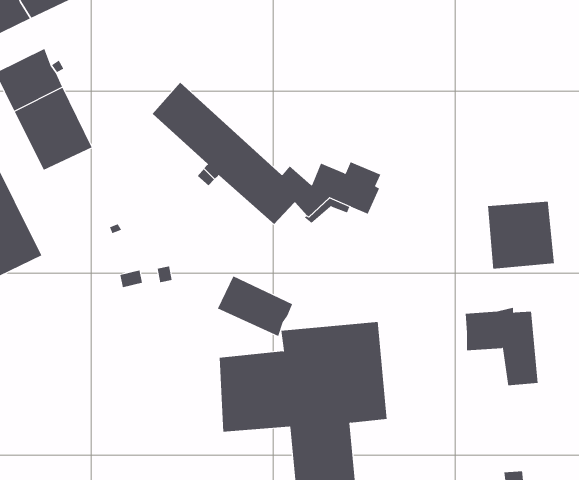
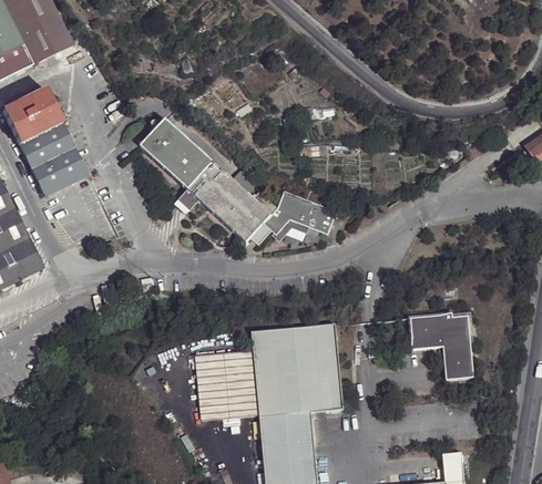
building: [488,201,555,269] -> none
building: [217,276,293,337] -> none

